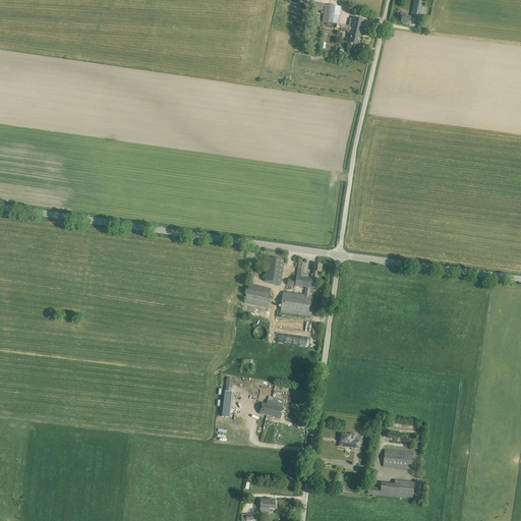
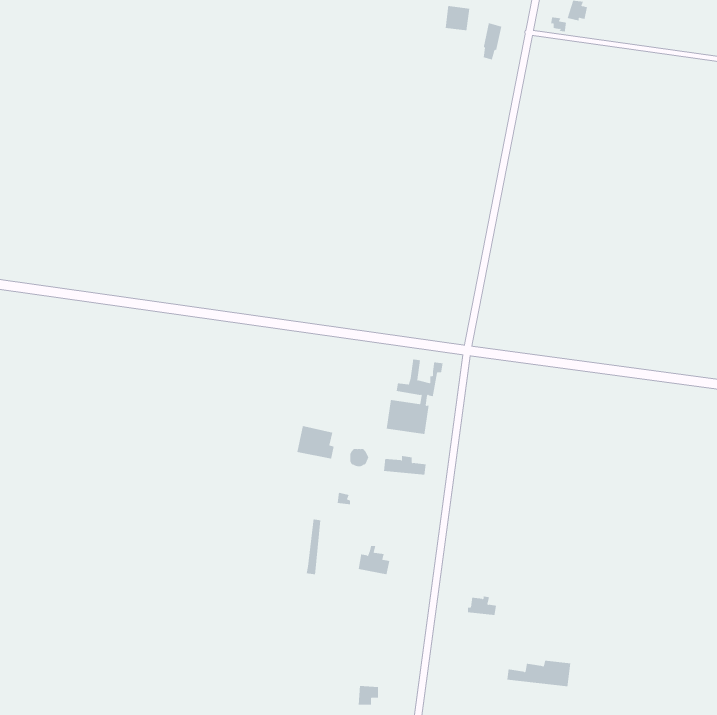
building: [265,256,284,282] -> none
building: [244,283,272,307] -> [297,425,334,459]
building: [383,449,413,469] -> none

